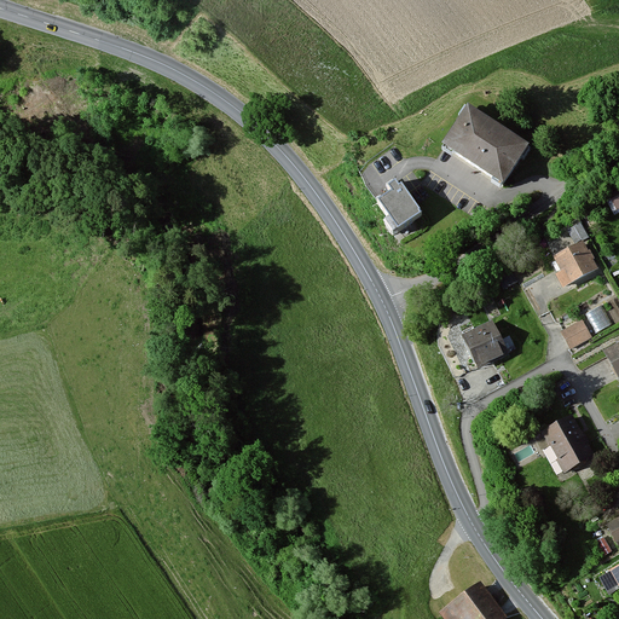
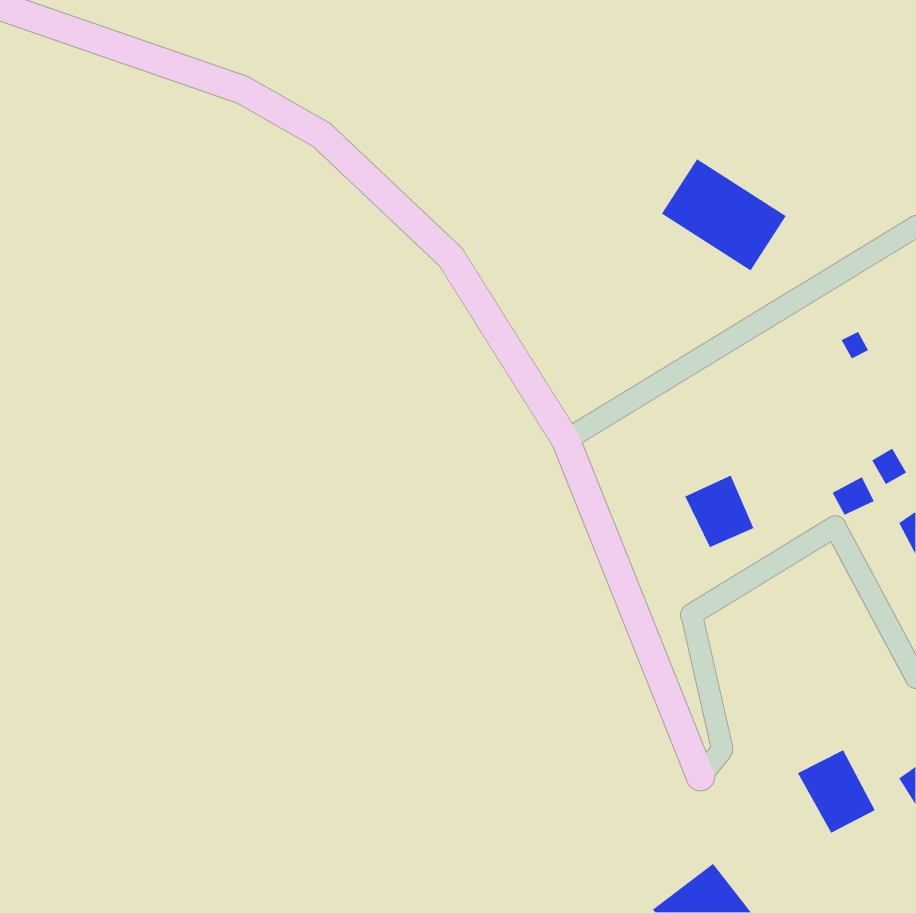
building: [383,179,422,227] -> none
building: [554,241,597,288] -> none
building: [539,415,592,472] -> [797,749,876,834]

